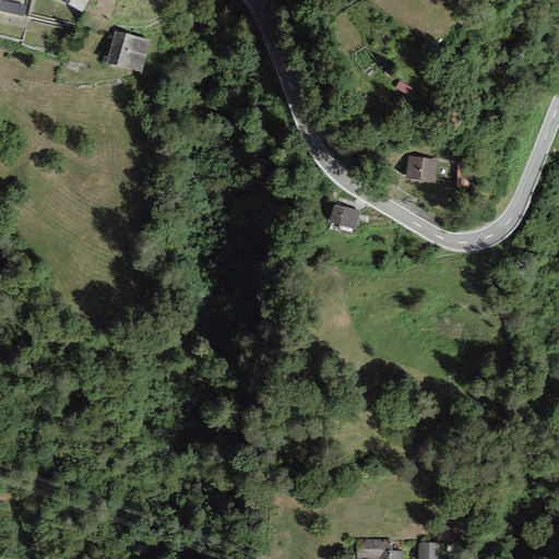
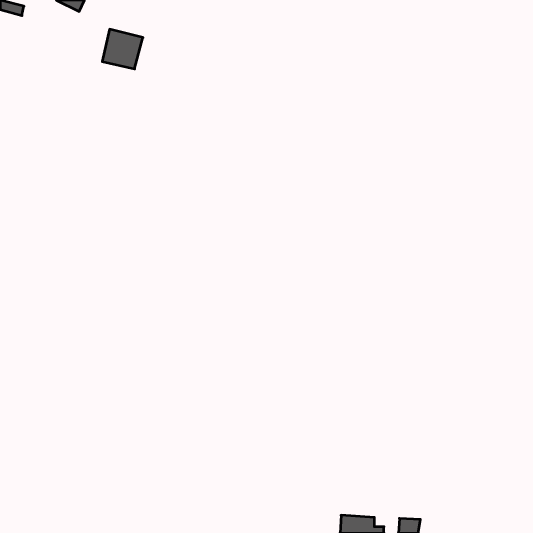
building: [405,155,439,183] -> none
building: [330,205,360,229] -> none

